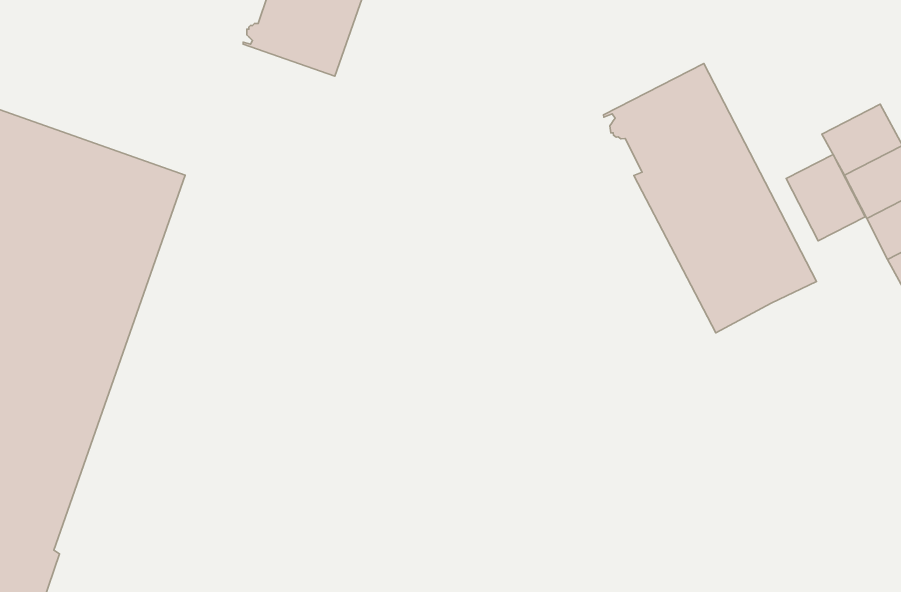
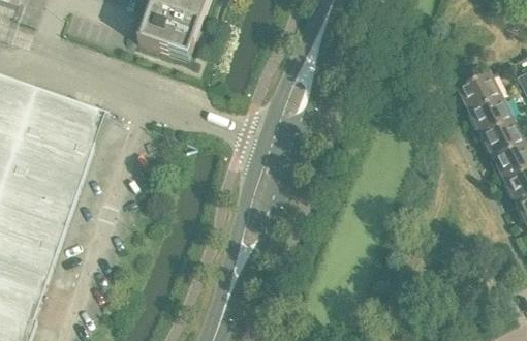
building: [603,63,816,333] -> none
building: [786,155,865,241] -> none

